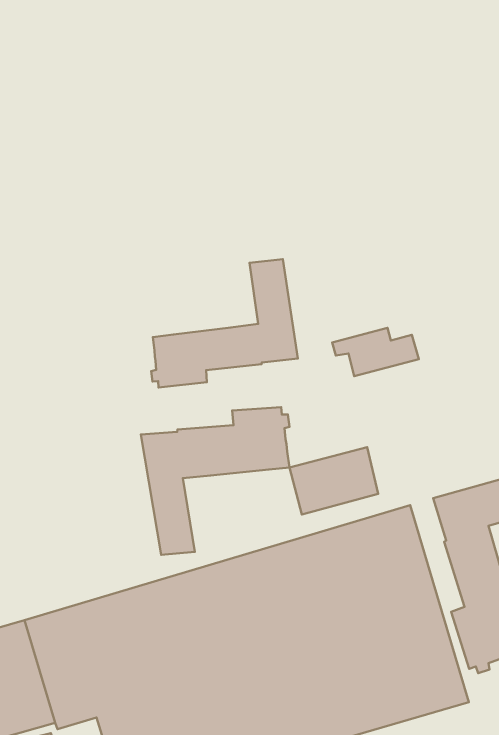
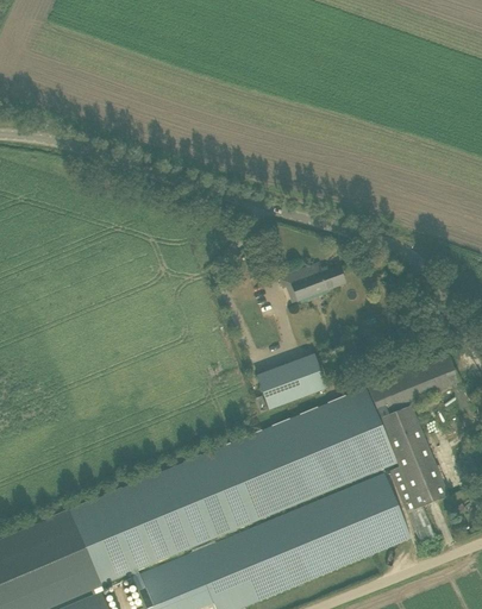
building: [151,259,298,387] -> none
building: [141,407,290,555] -> none

